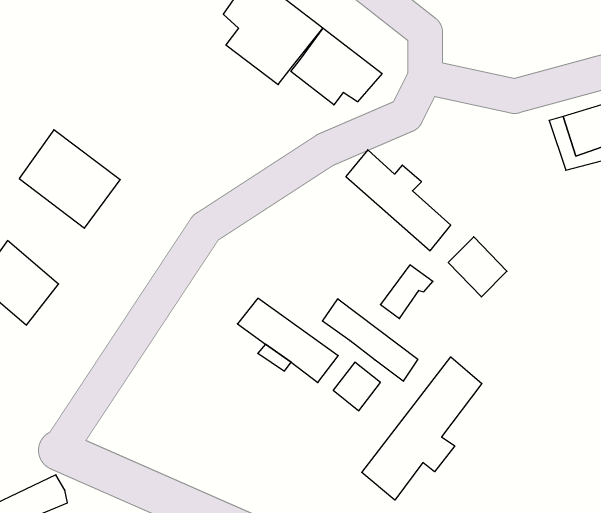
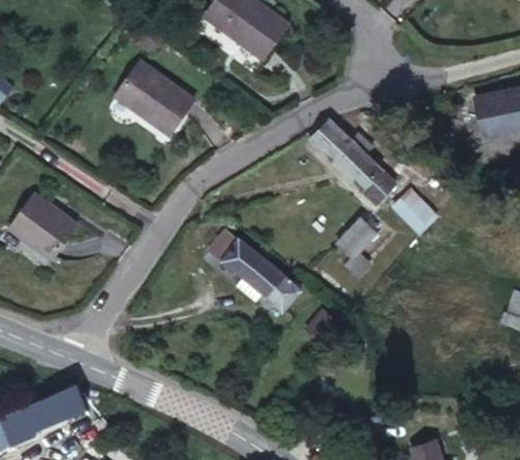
building: [291,28,382,105] -> none
building: [19,130,120,228] -> [112,59,194,138]
building: [322,299,418,381] -> none
building: [362,357,482,500] -> none

